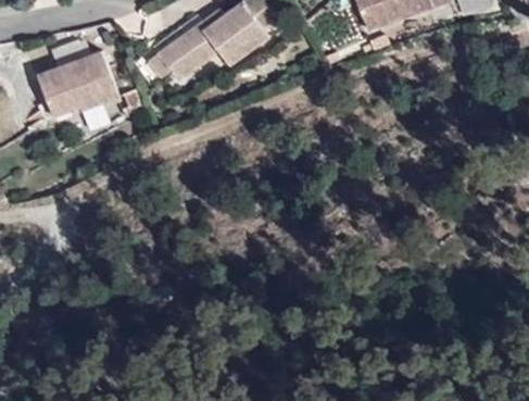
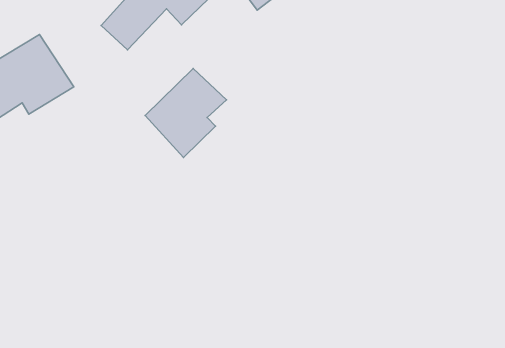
building: none -> [145,68,226,158]

